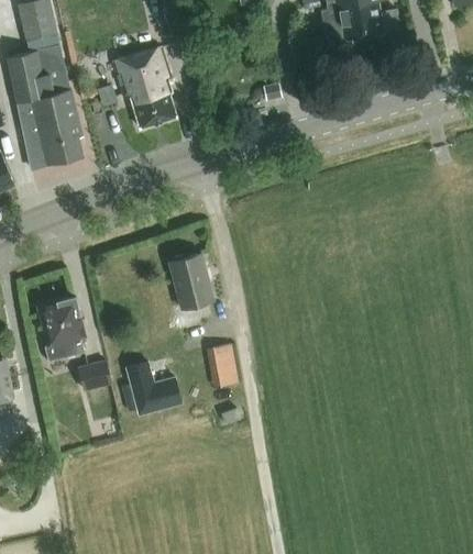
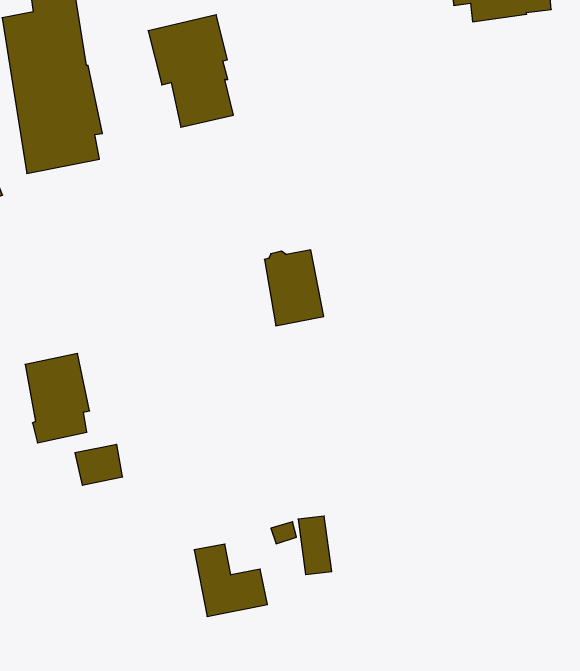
building: [168,254,213,310] -> [264,250,324,326]
building: [212,344,239,387] -> [298,516,332,575]
building: [126,362,182,414] -> [194,544,267,616]

